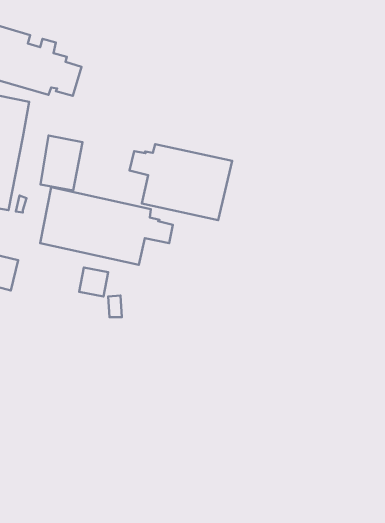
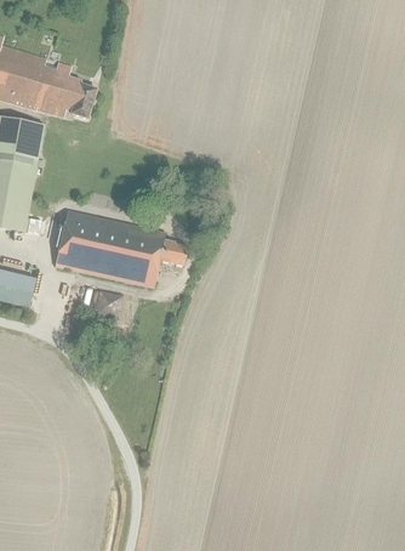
building: [41,136,83,190] -> none
building: [129,144,232,220] -> none

